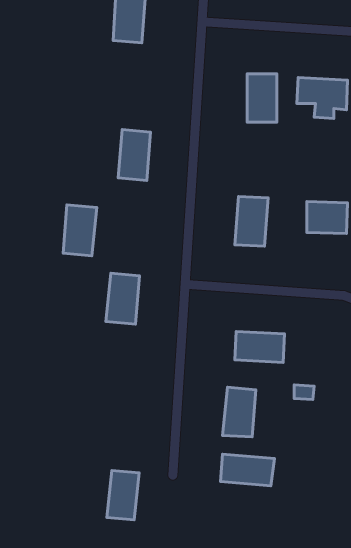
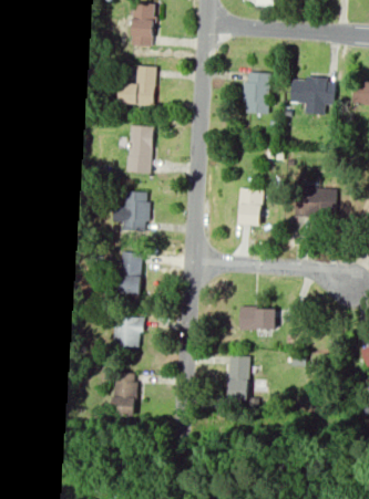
building: none -> [117,63,156,105]
building: [63,205,97,256] -> [121,189,151,235]
building: none -> [116,314,147,347]
building: [220,454,275,486] -> none
building: [107,470,139,520] -> [111,375,140,419]

